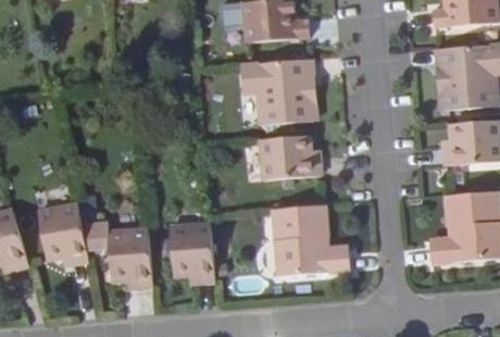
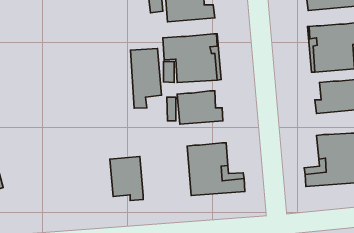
building: none -> [131,48,161,108]
building: [37,203,88,263] -> none
building: [108,228,152,287] -> none

